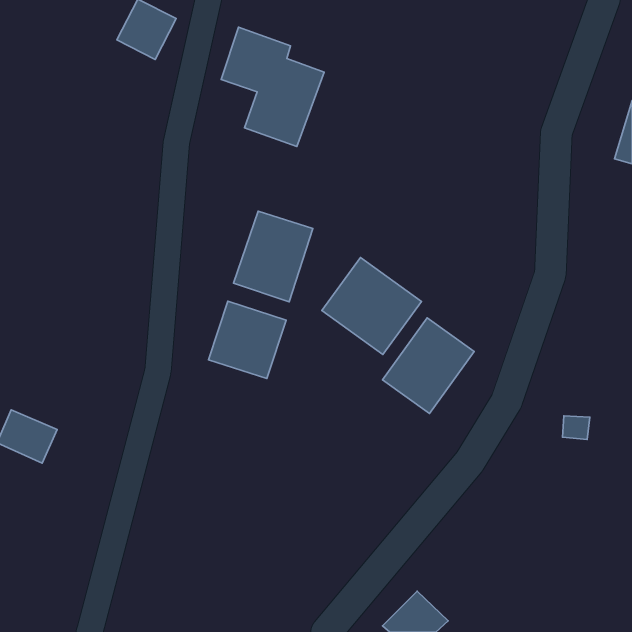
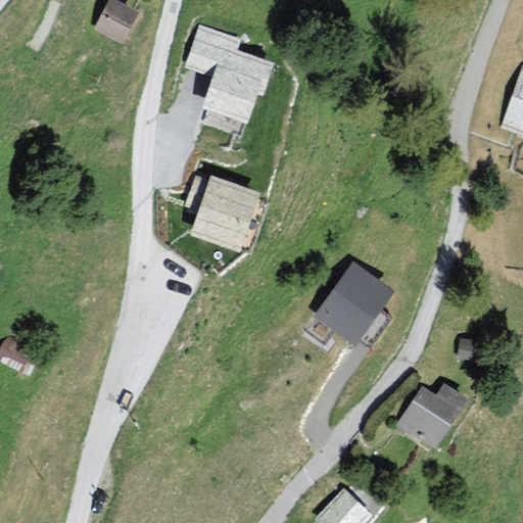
building: [322,258,421,354] -> none
building: [209,301,286,379] -> none
building: none -> [401,386,469,454]

